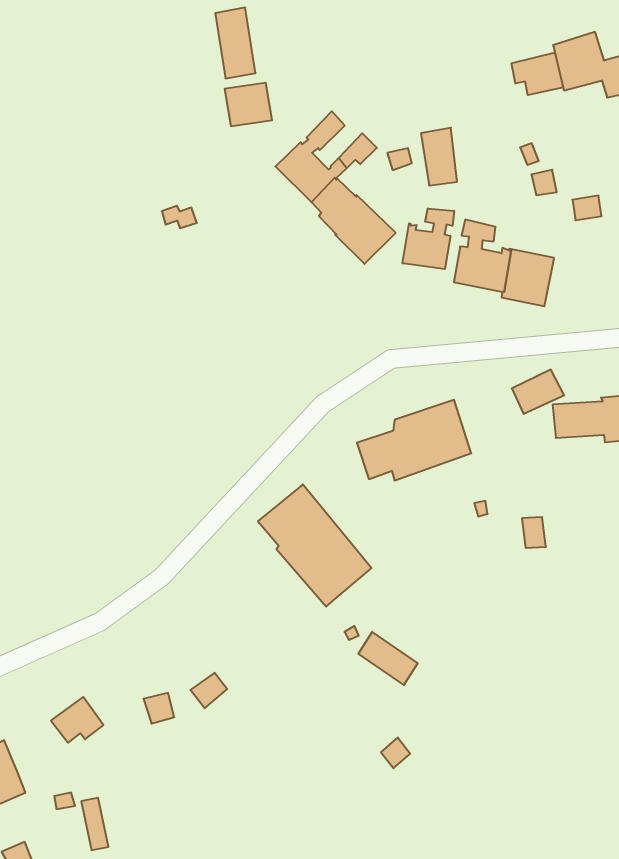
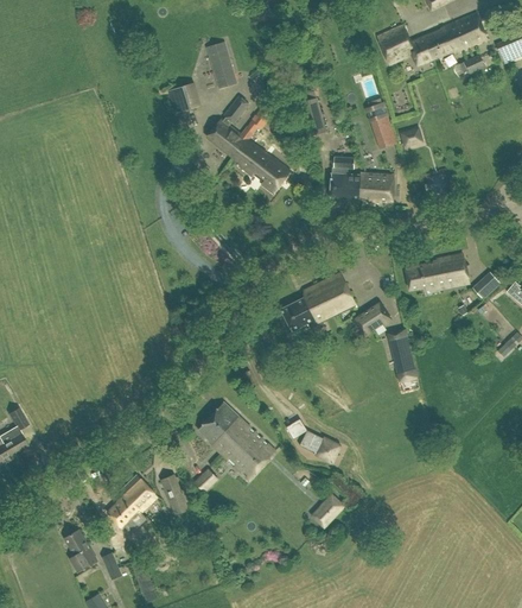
building: [215,8,256,78] -> [205,40,236,88]
building: [512,53,563,95] -> none
building: [402,208,454,269] -> none
building: [512,370,564,414] -> [355,303,389,334]
building: [258,484,371,607] -> [197,401,274,479]
building: none -> [120,474,157,511]

